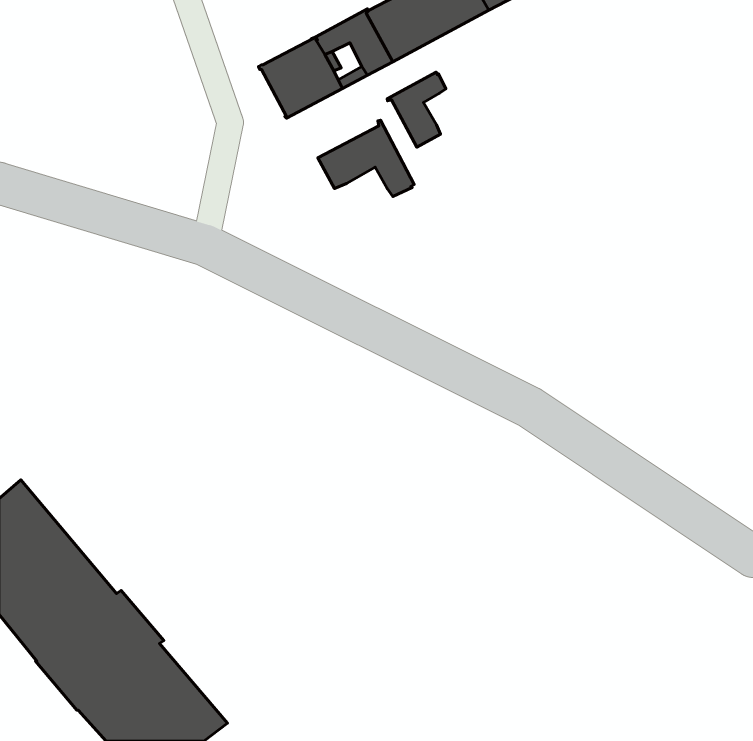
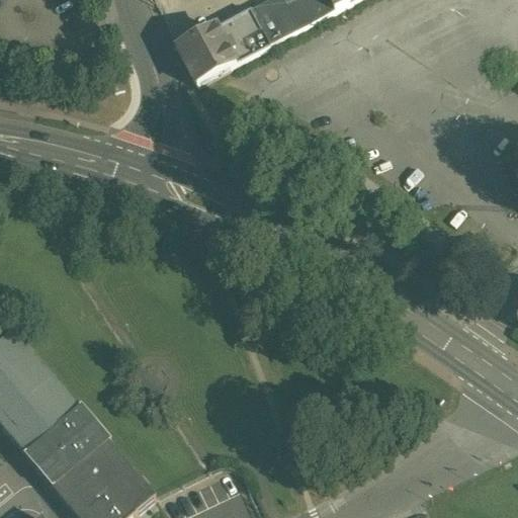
building: [387,72,446,147] -> none
building: [318,120,414,197] -> none

